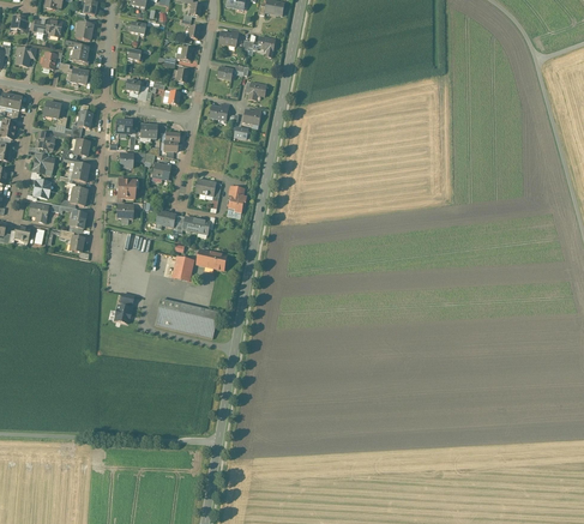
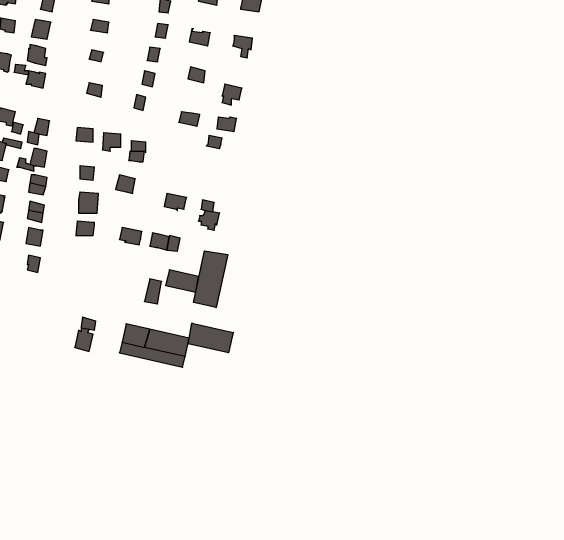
building: none -> [194,251,228,308]
building: none -> [188,323,233,353]

